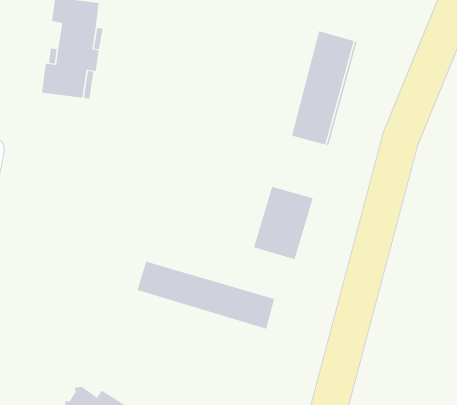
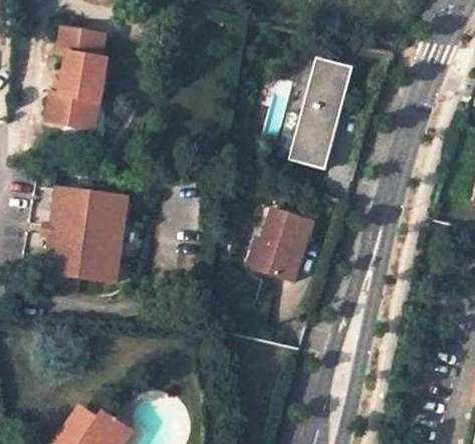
building: none -> [43,186,126,278]
building: [137,261,275,330] -> none

